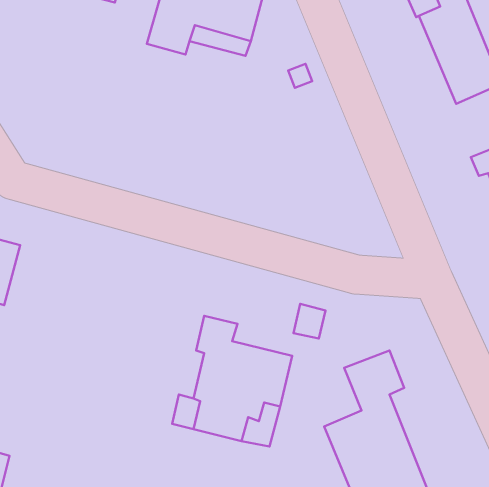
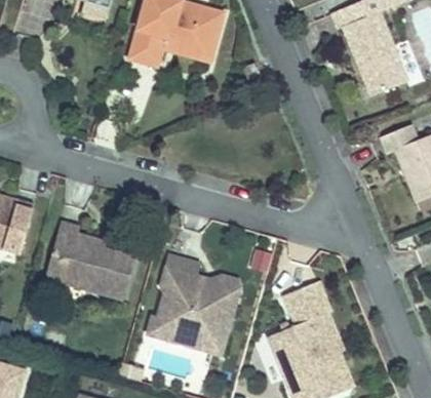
building: none -> [46,220,135,300]

